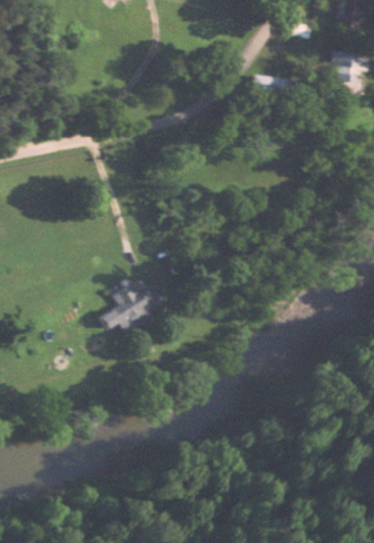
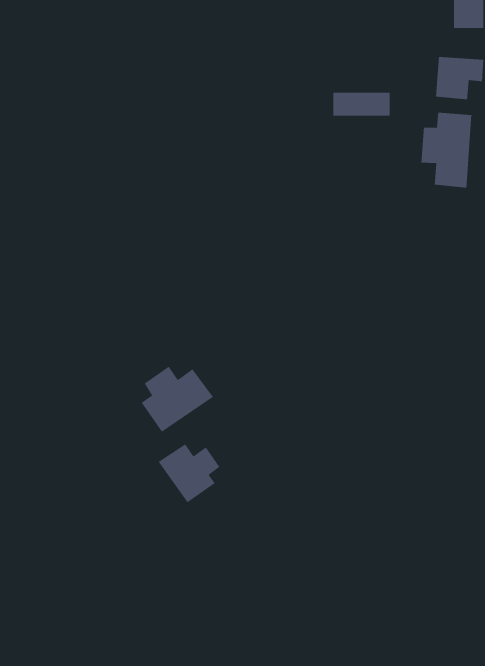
building: none -> [421,112,472,189]
building: none -> [158,443,220,503]

